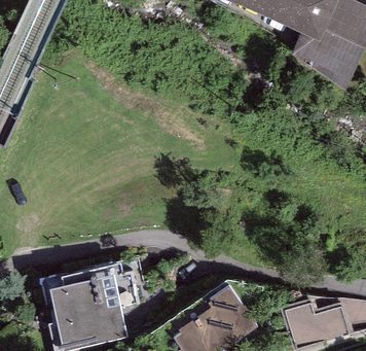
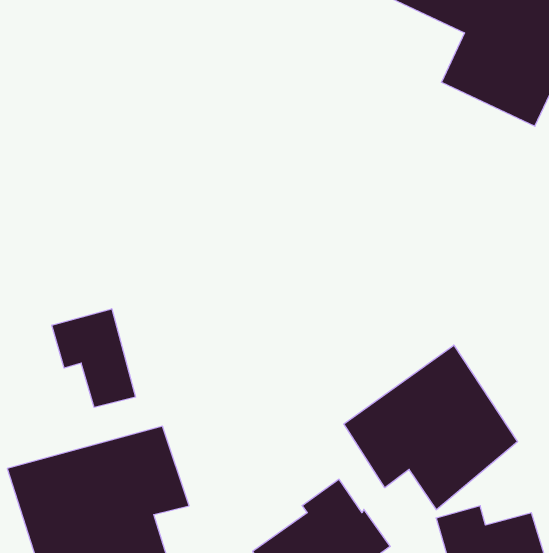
building: none -> [52,309,135,407]
building: none -> [344,345,518,510]

